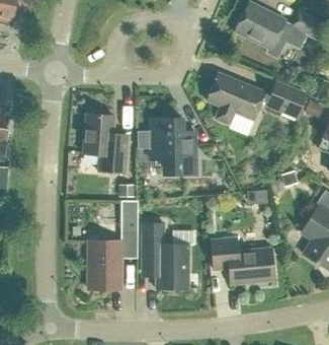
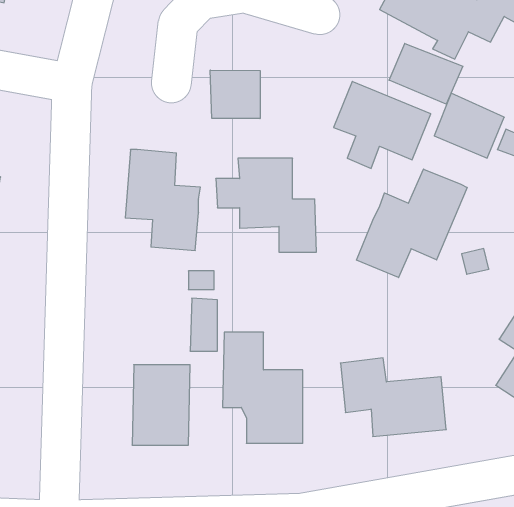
building: none -> [389,43,463,104]
building: none -> [210,70,260,119]
building: none -> [357,169,467,278]

